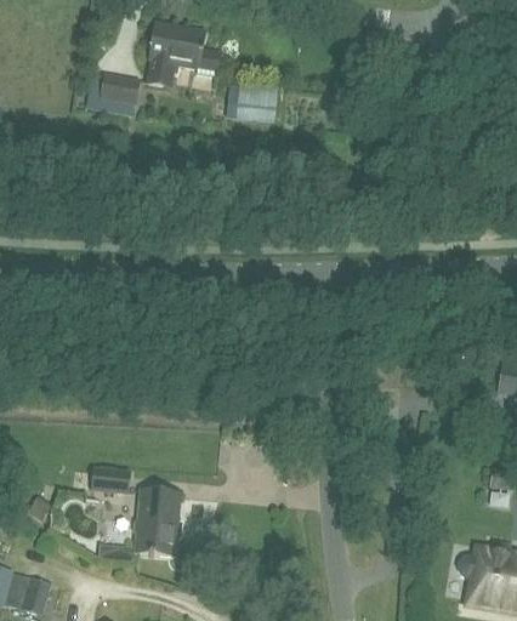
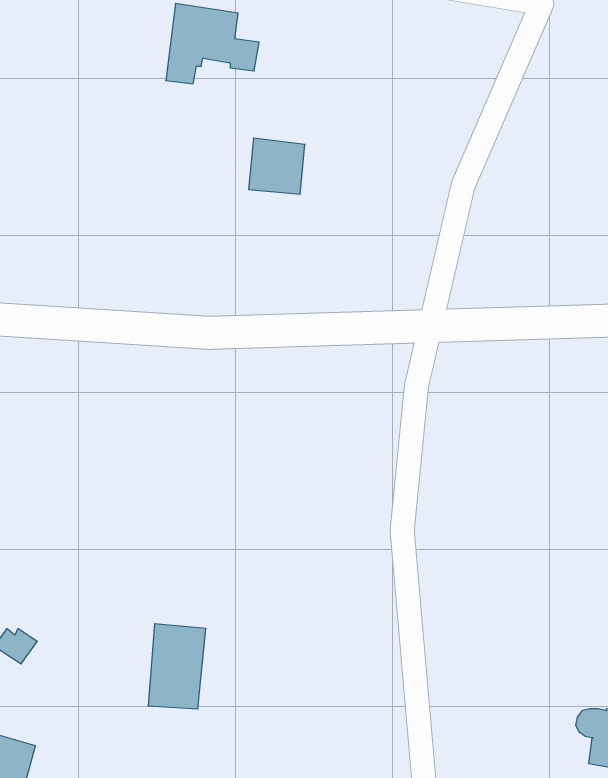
building: [92,72,140,114] -> none
building: [234,79,277,121] -> [249,138,305,194]
building: [90,466,129,492] -> none

